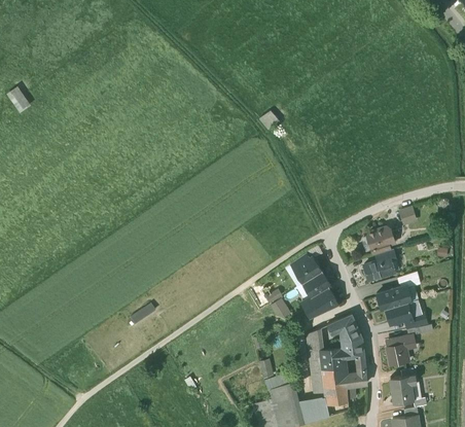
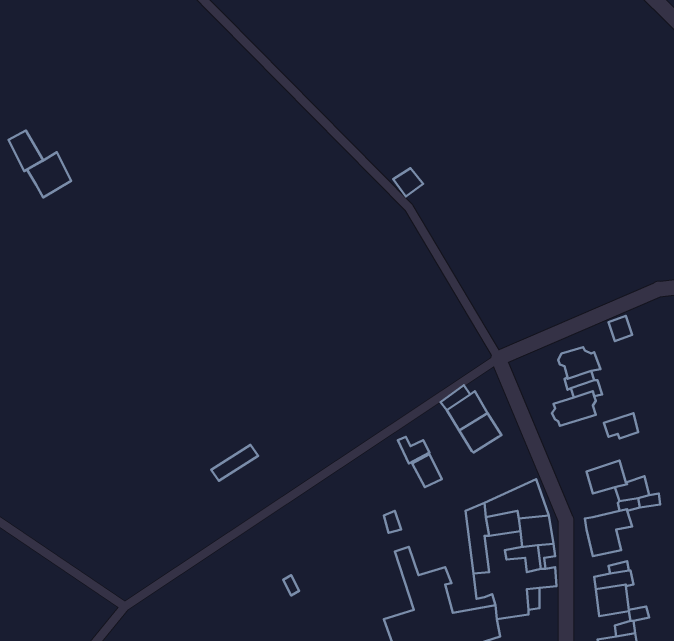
building: none -> [27,152,71,197]
building: [377,285,412,311] -> none
building: [301,287,338,318] -> none

